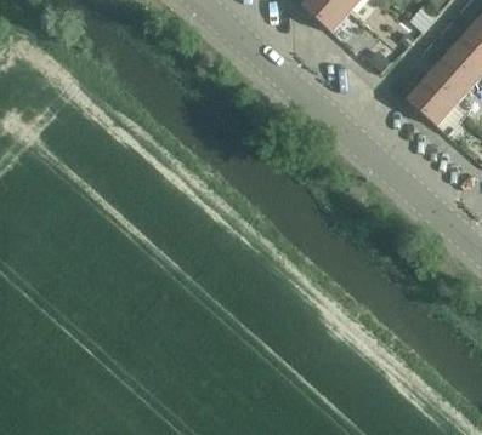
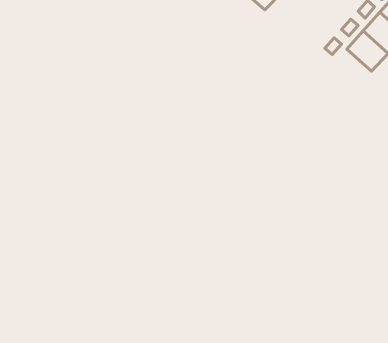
building: [408,74,458,122] -> none

